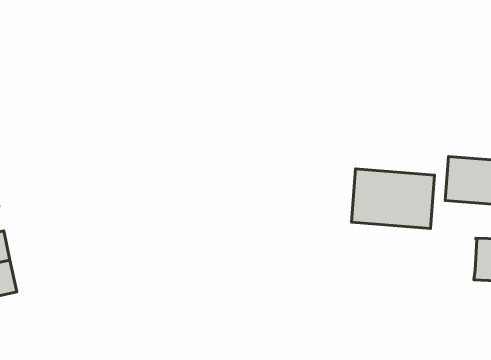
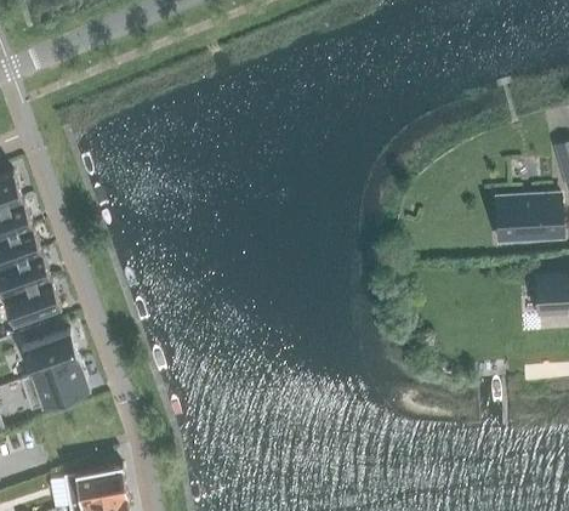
building: [352,169,435,228] -> none

